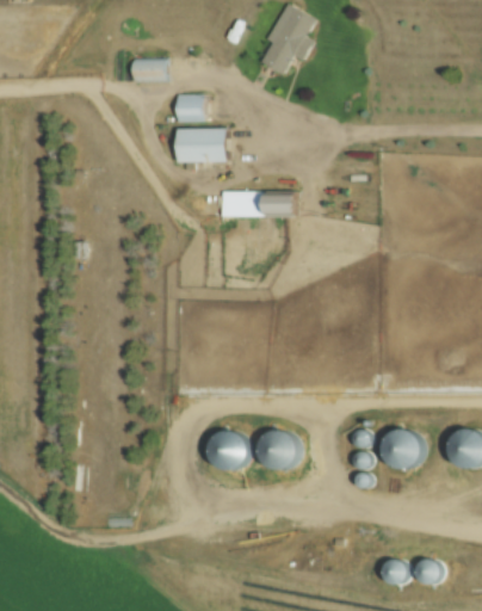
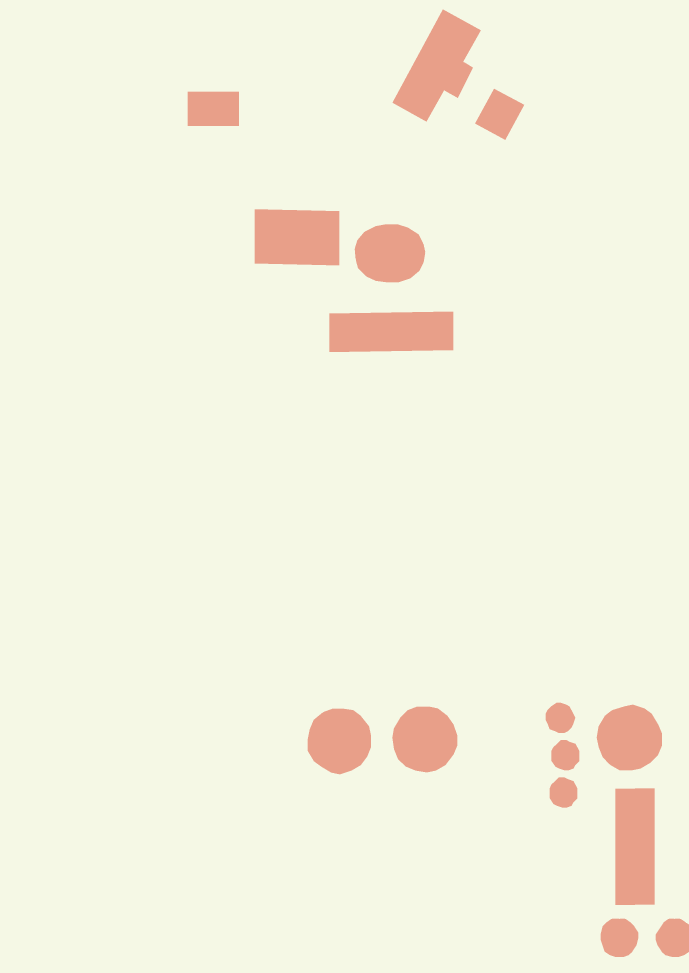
building: none -> [474,88,525,141]
building: [177,92,209,122] -> none
building: none -> [354,223,426,283]
building: none -> [615,788,655,906]

